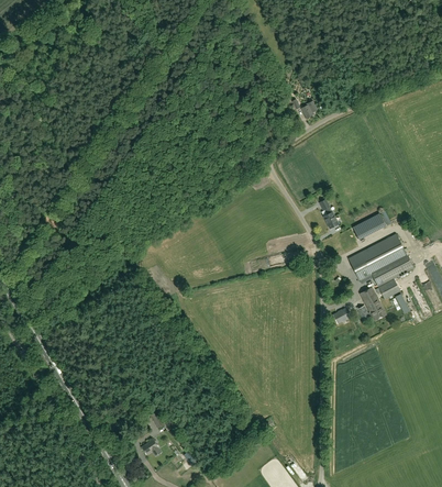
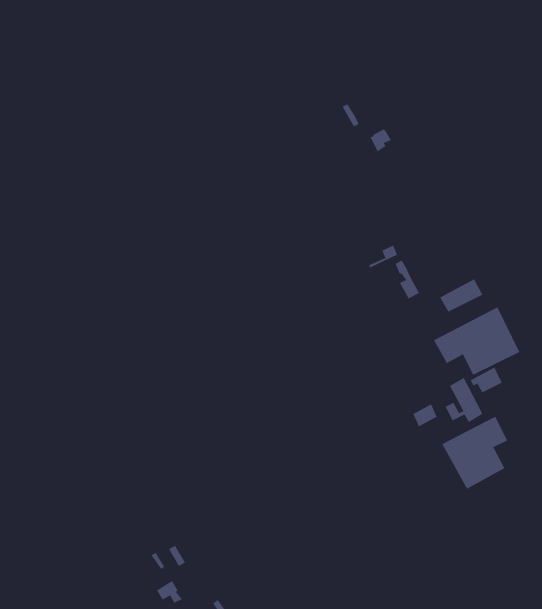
building: none -> [442,416,508,490]

